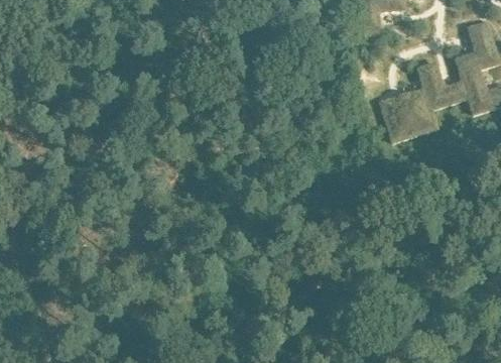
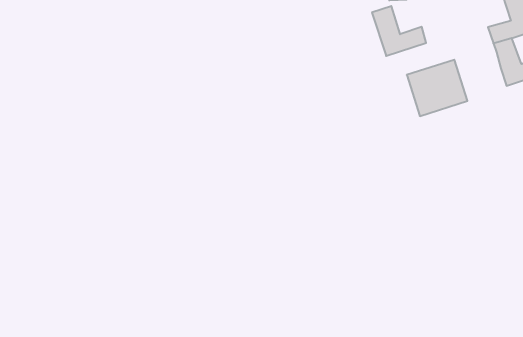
building: [417,62,468,108] -> [372,6,426,56]

